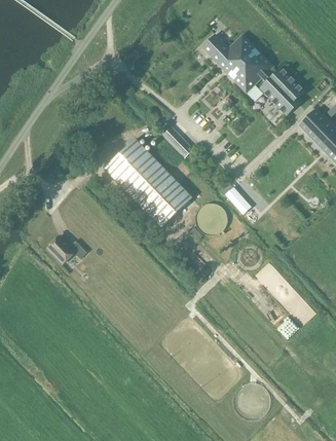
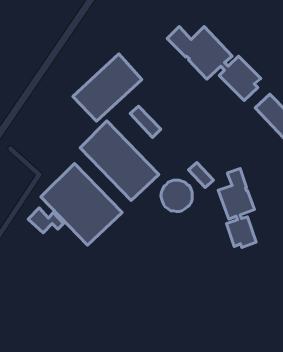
building: none -> [73,54,142,121]
building: none -> [41,163,122,245]
building: none -> [218,169,256,248]

